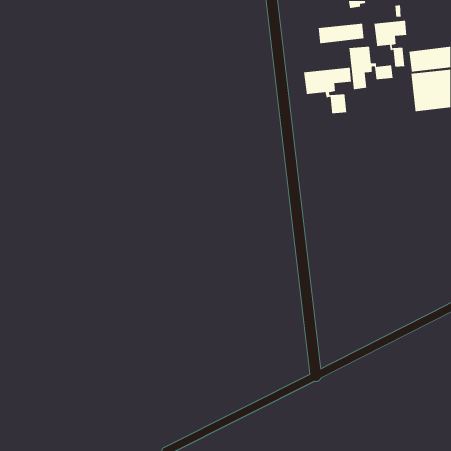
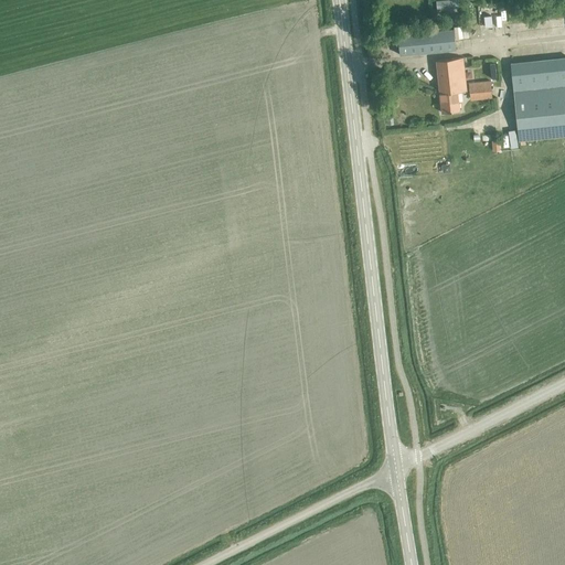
building: [374,20,407,68] -> none
building: [303,67,352,114] -> none

